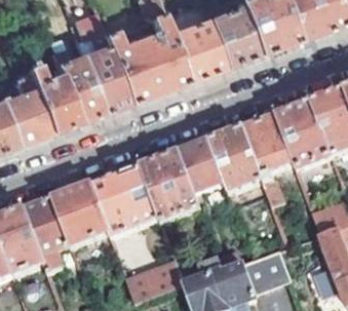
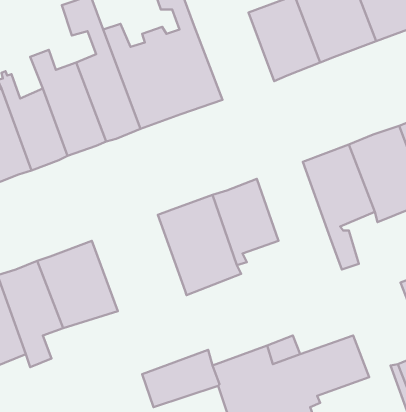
building: [165,20,223,82] -> none
building: [210,126,263,193] -> none
building: [92,164,159,236] -> none

